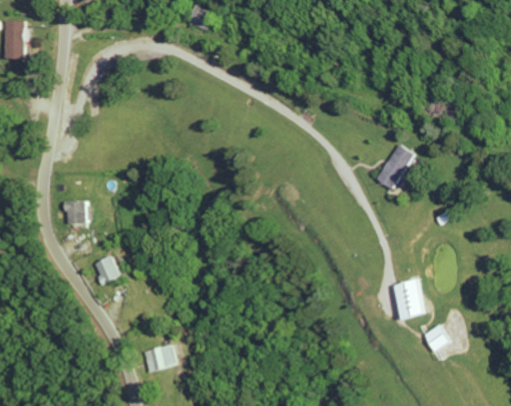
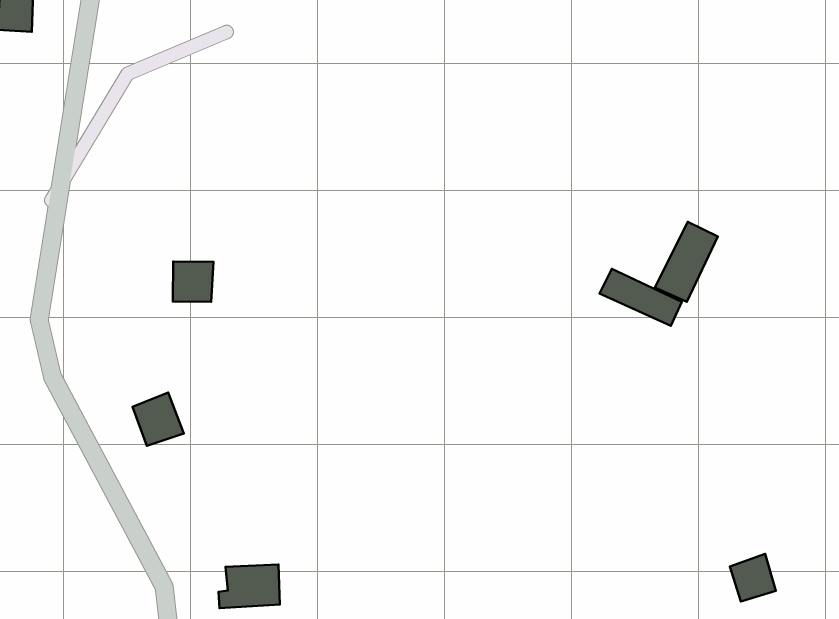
building: none -> [599,269,682,326]
building: [65,200,87,223] -> [173,261,213,302]
building: [390,278,426,320] -> none

